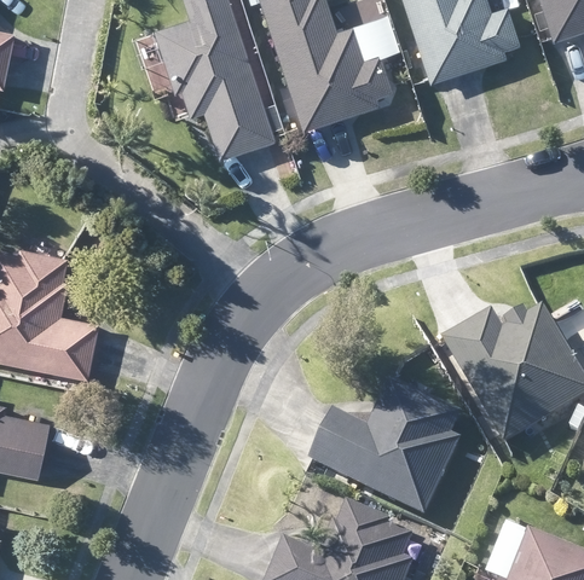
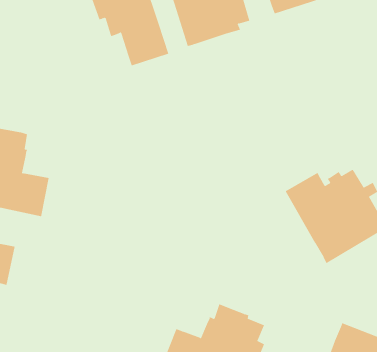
building: [310,382,463,518] -> none

